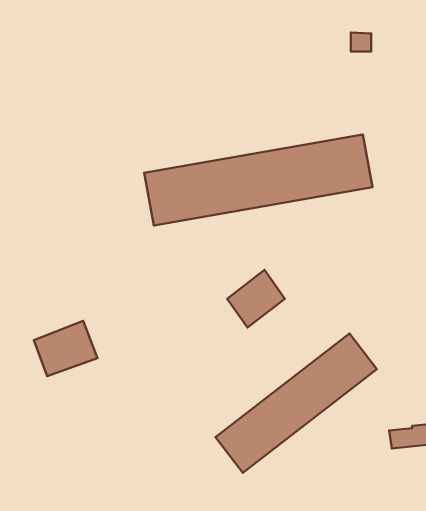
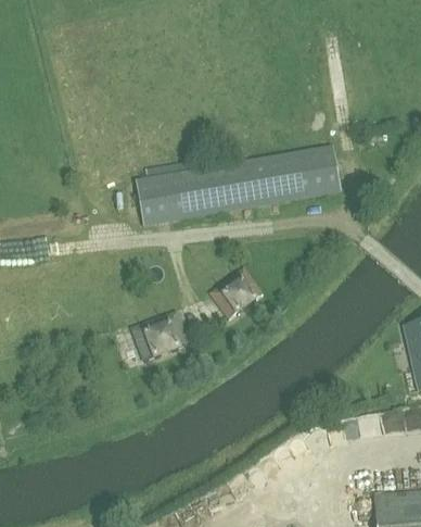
building: [34,321,98,376] -> [131,310,189,360]
building: [216,334,377,473] -> none

